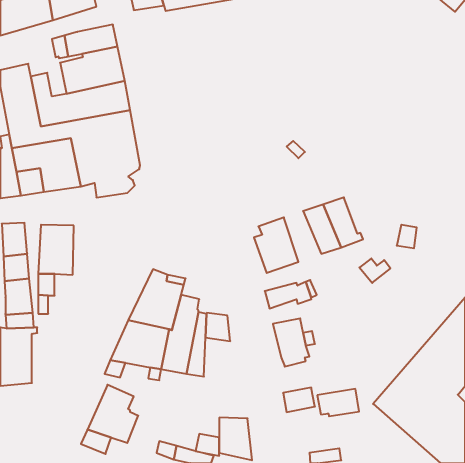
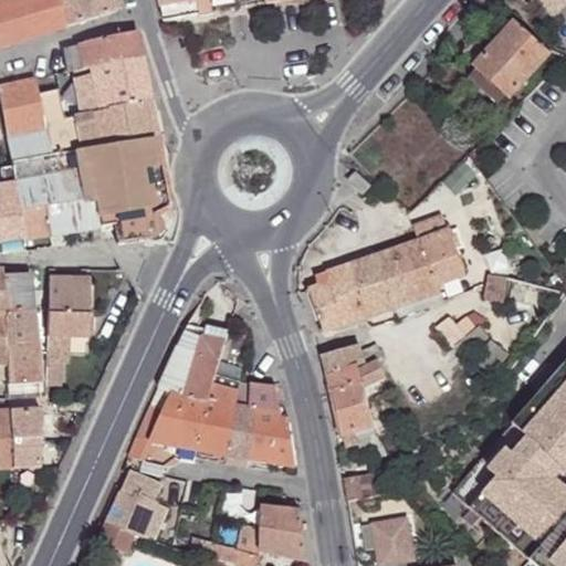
building: none -> [467,20,549,105]
building: none -> [412,213,465,284]
building: none -> [345,256,390,318]
building: none -> [327,364,386,394]
building: none -> [248,410,295,467]
building: [317,389,359,416] -> [361,517,412,551]

